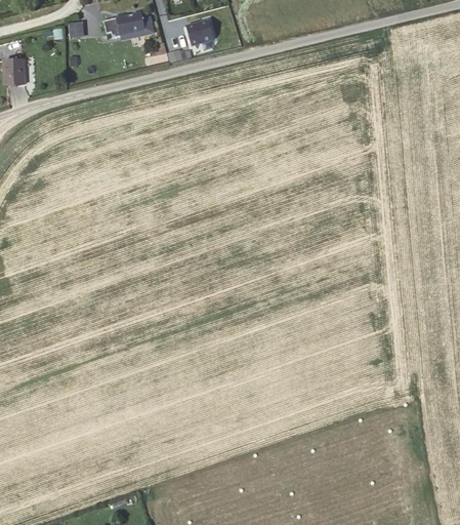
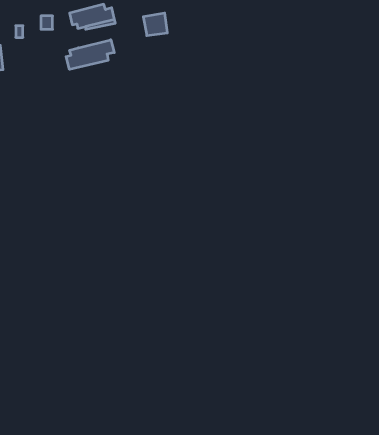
building: none -> [66,40,114,69]

